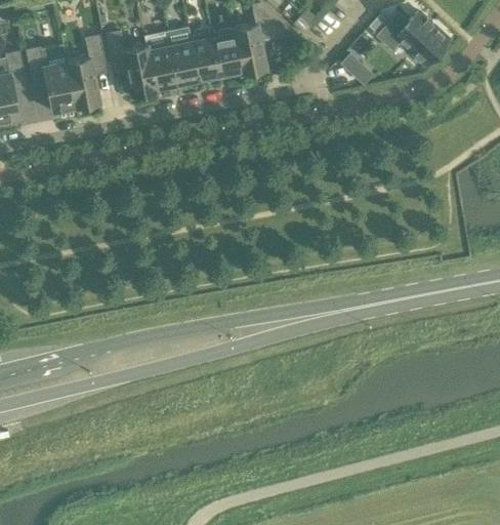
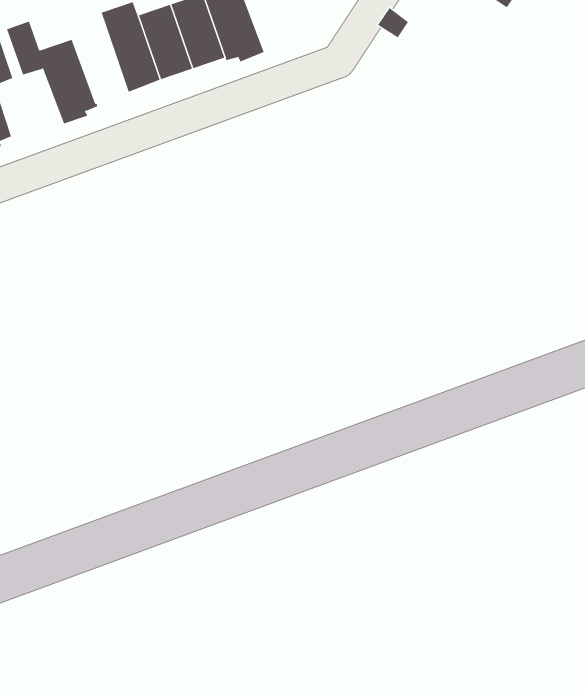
building: [145,33,178,90] -> none

